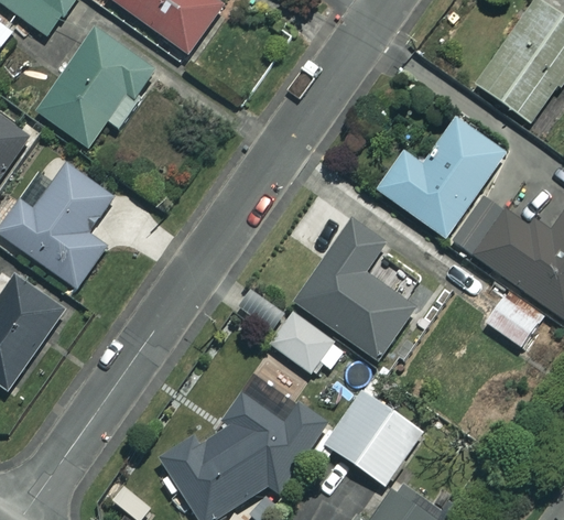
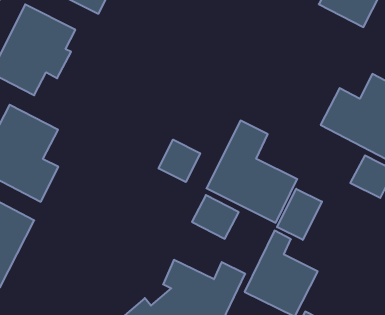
building: [377,117,507,238] -> none
building: none -> [159,140,200,182]
building: none -> [277,189,322,240]

